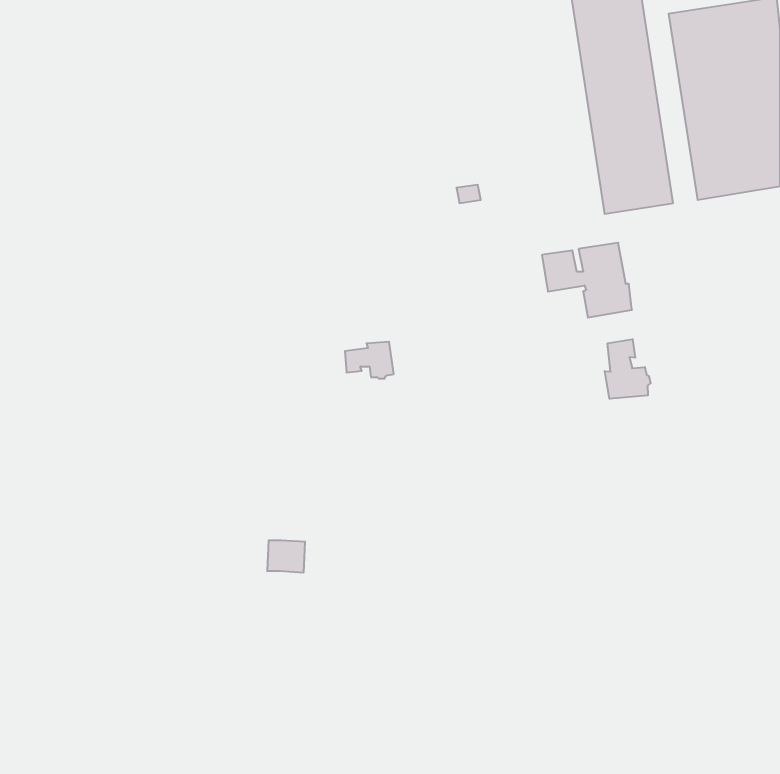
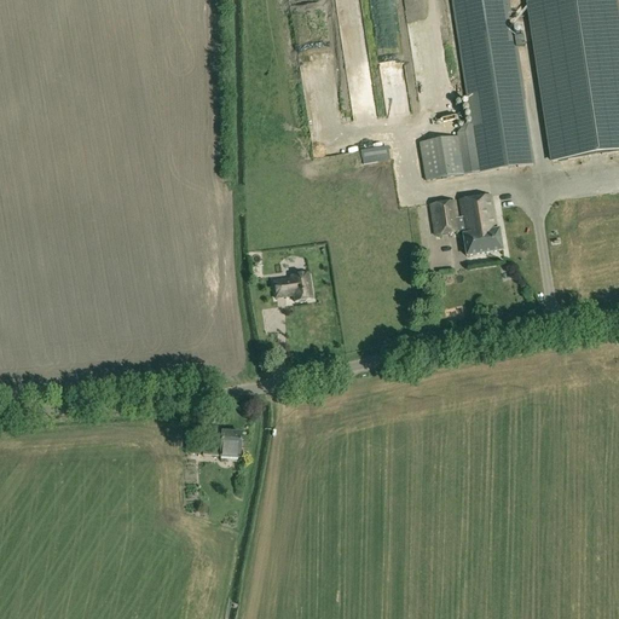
building: none -> [420,133,465,178]
building: [605,339,651,399] -> none

